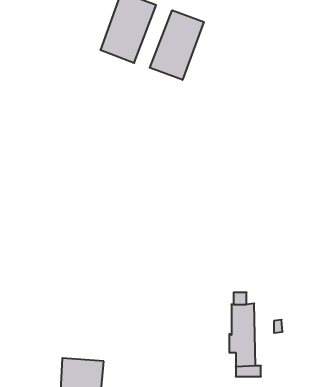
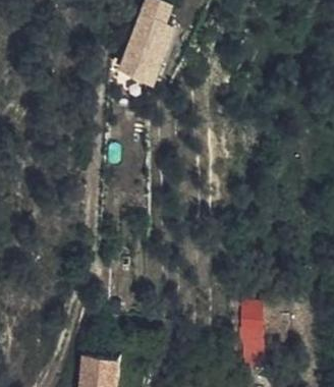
building: [150,10,204,80] -> none

